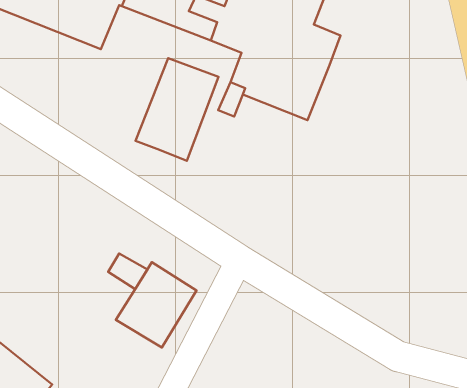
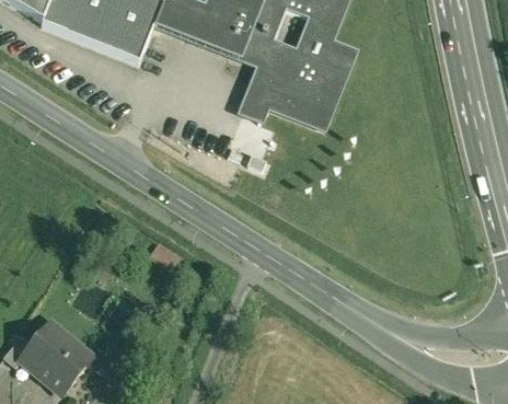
building: [136,58,219,161] -> none
building: [116,262,197,347] -> none

